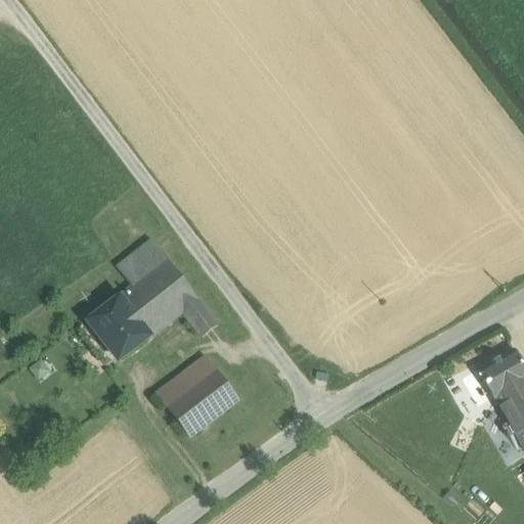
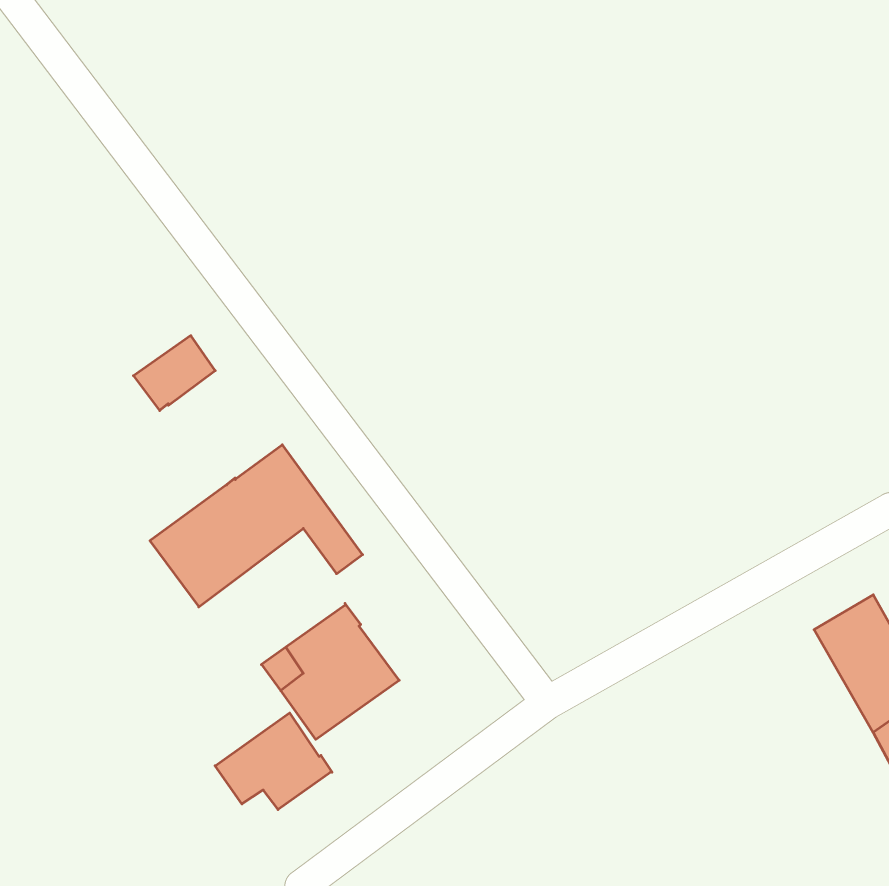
building: [119,241,167,285] -> [133,336,215,411]
building: none -> [215,713,332,810]

